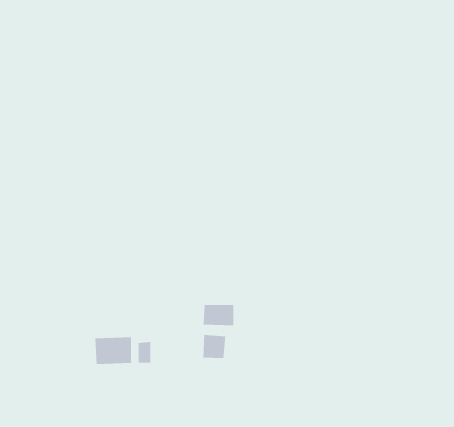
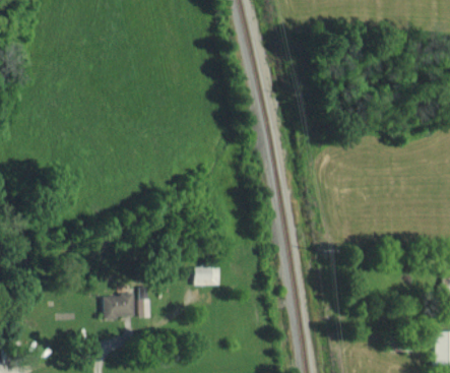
building: [203,334,226,359] -> none

